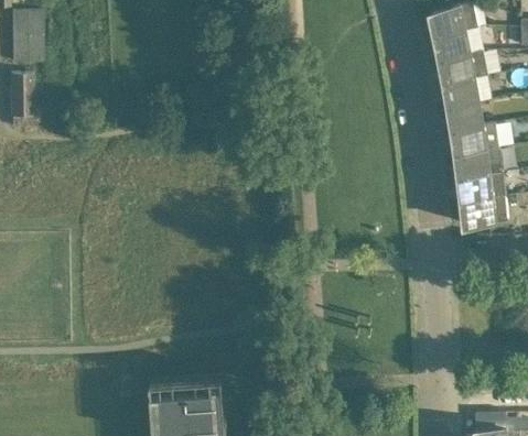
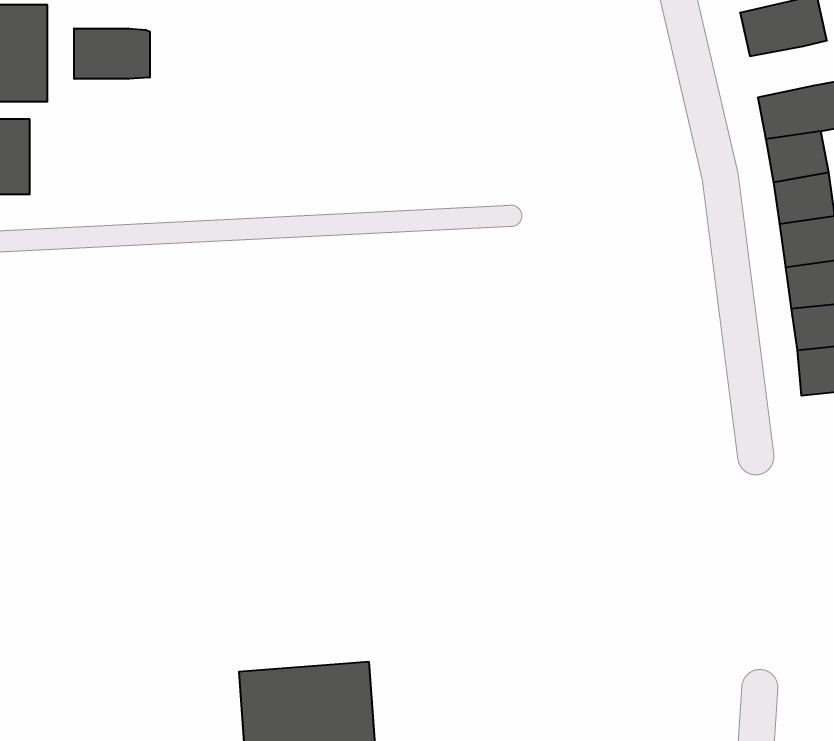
building: none -> [74,28,150,79]
building: [434,33,470,62] -> none

